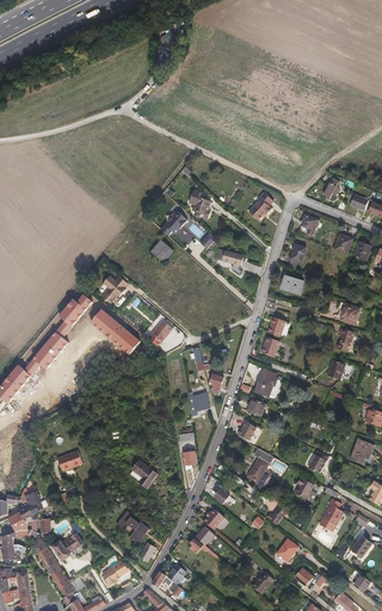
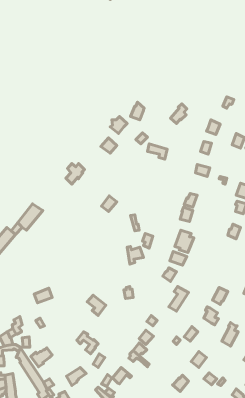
building: [54,295,92,338] -> none
building: [90,308,138,353] -> none

